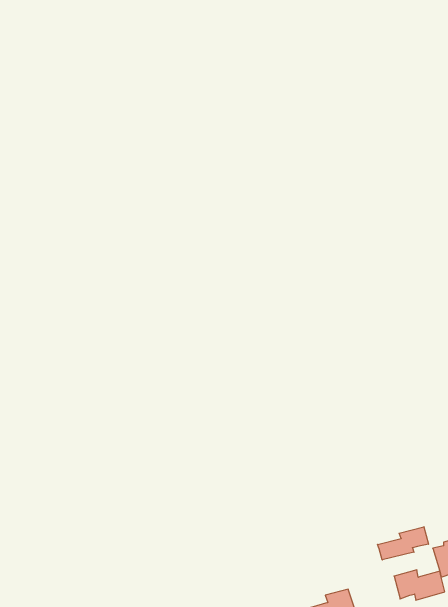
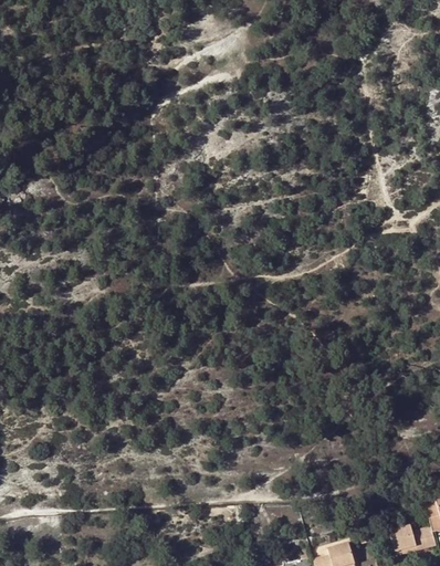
building: [378,527,428,560] -> none

